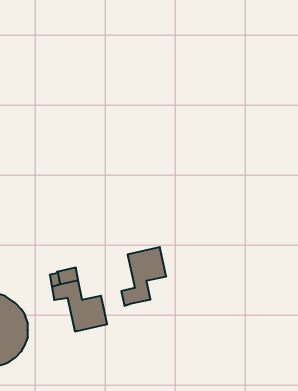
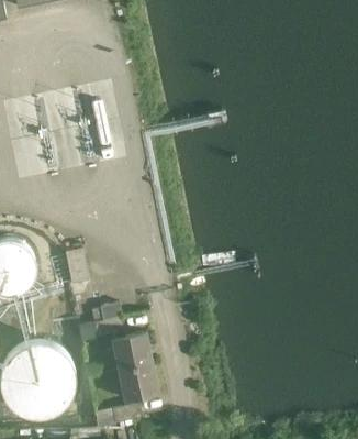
building: [121,247,166,306] -> [110,363,157,425]

